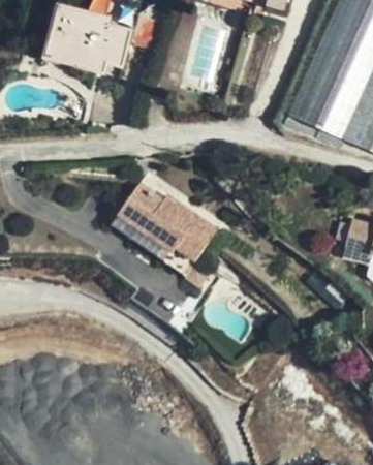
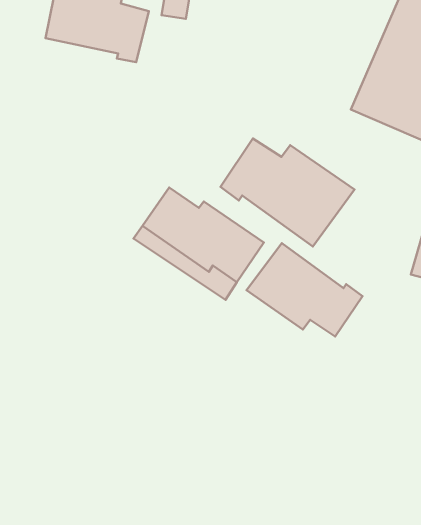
building: none -> [220,138,355,246]
building: none -> [246,243,362,336]

